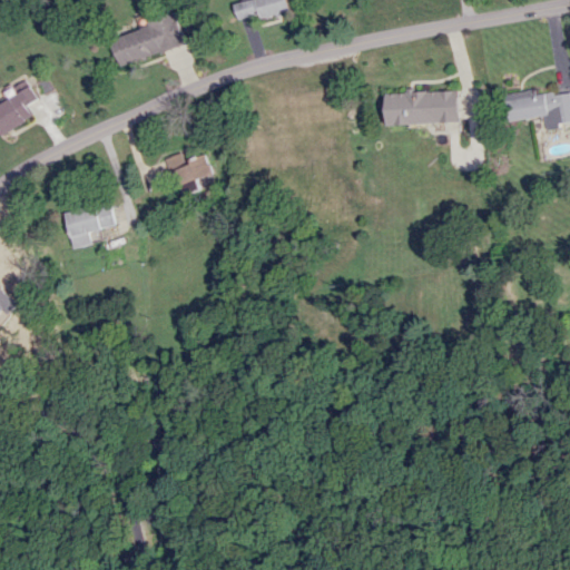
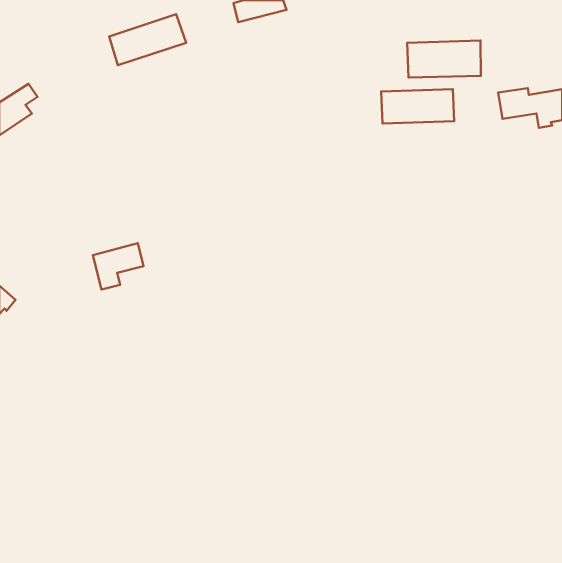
building: none -> [407,41,481,78]
building: [166,153,209,197] -> none
building: [62,202,114,248] -> [93,243,143,289]

